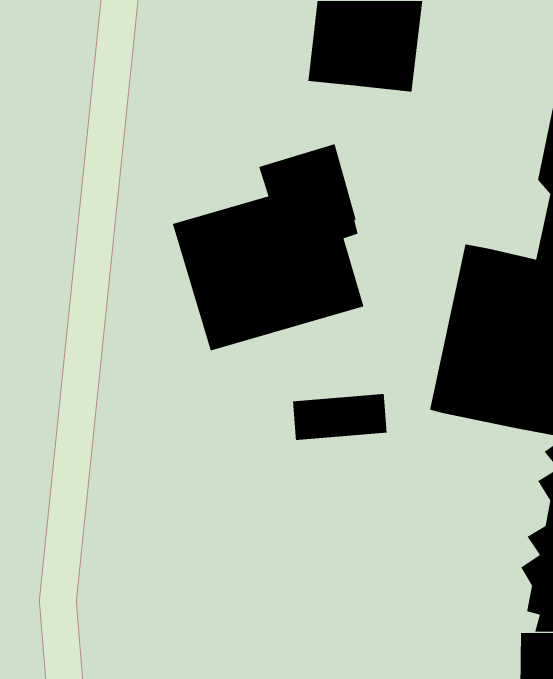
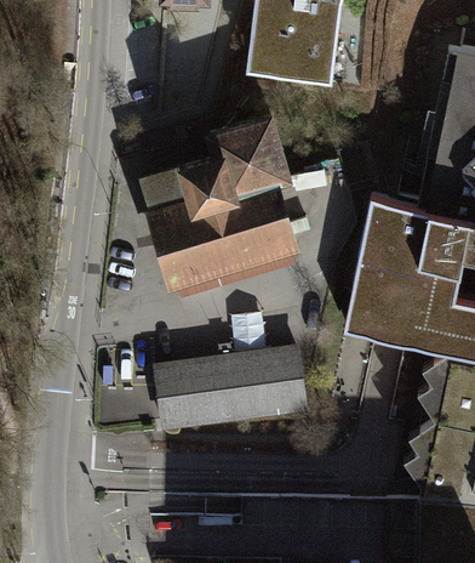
building: none -> [156,356,305,434]

